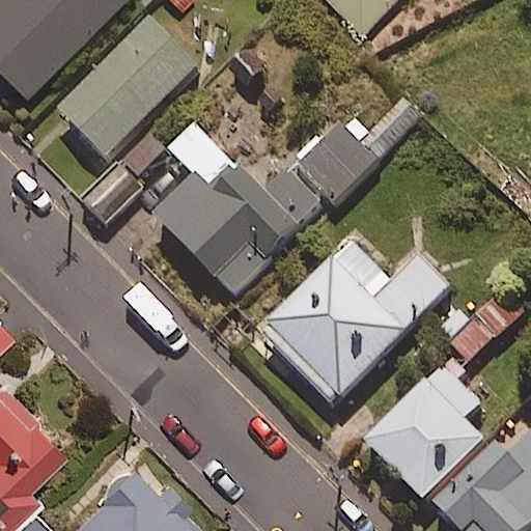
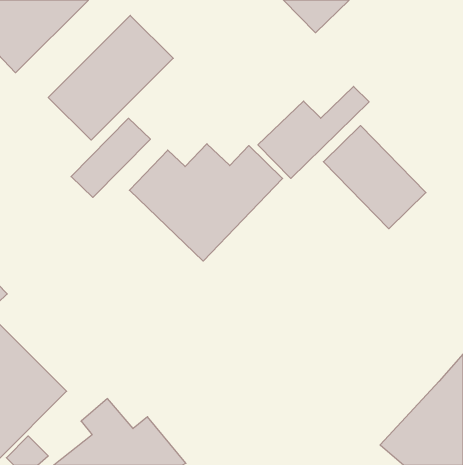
building: none -> [323,126,426,229]
building: [259,242,458,406] -> none
building: [361,339,495,503] -> none

